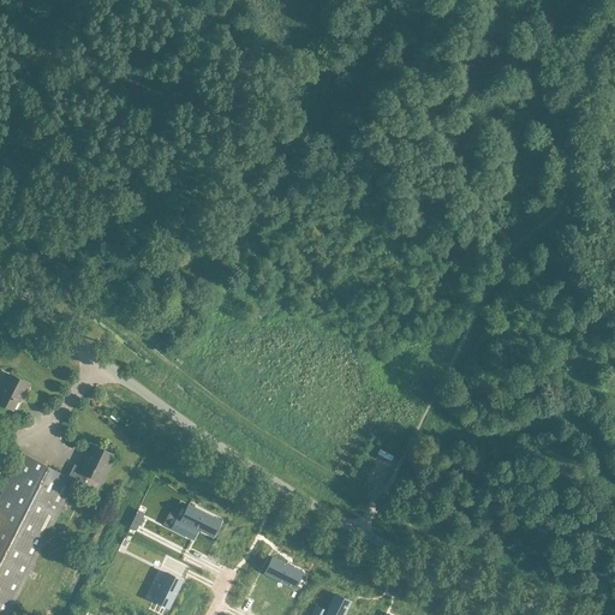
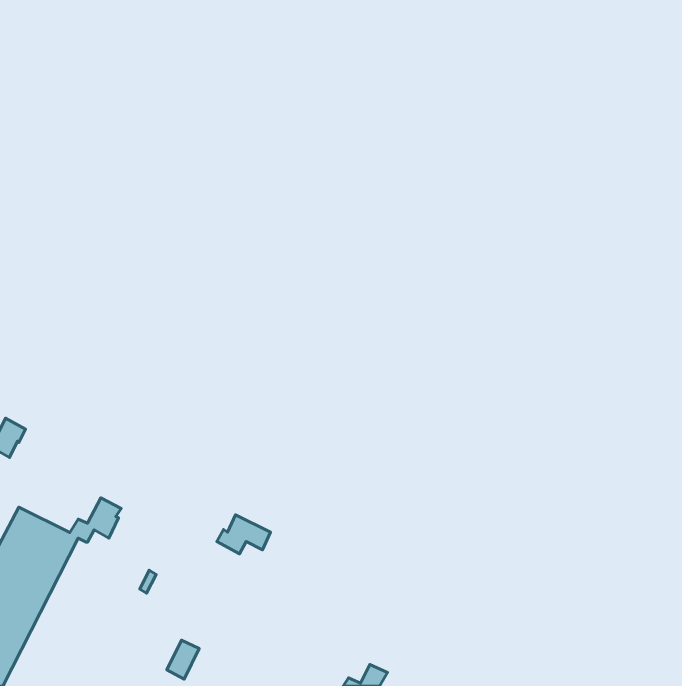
building: [167,503,215,538] -> [217,515,271,554]
building: [261,556,297,586] -> none

